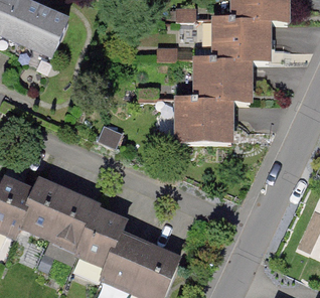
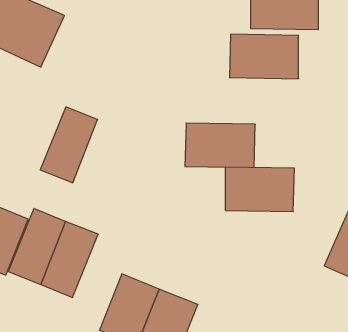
building: [192,69,252,108] -> [225,167,294,212]
building: [75,202,125,268] -> [40,107,98,183]

